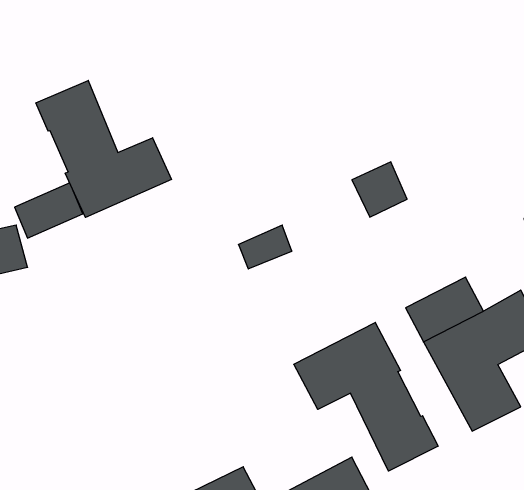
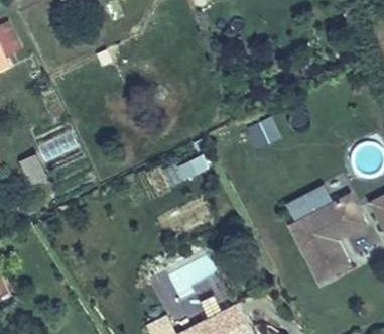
building: [36,80,172,217] -> none
building: [294,322,438,471] -> none

